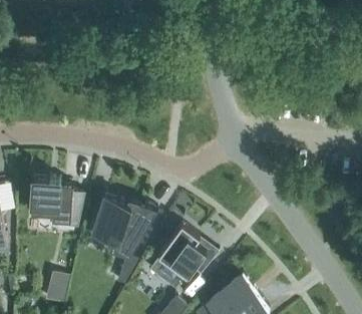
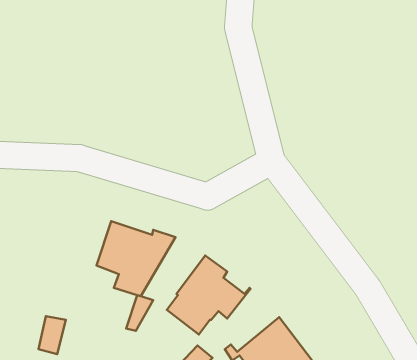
building: [30,178,85,228] -> none

